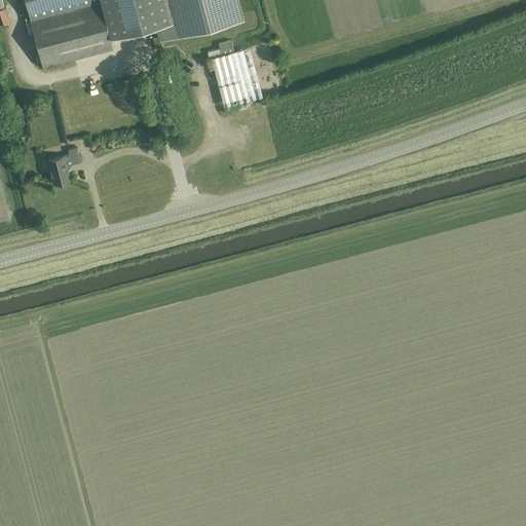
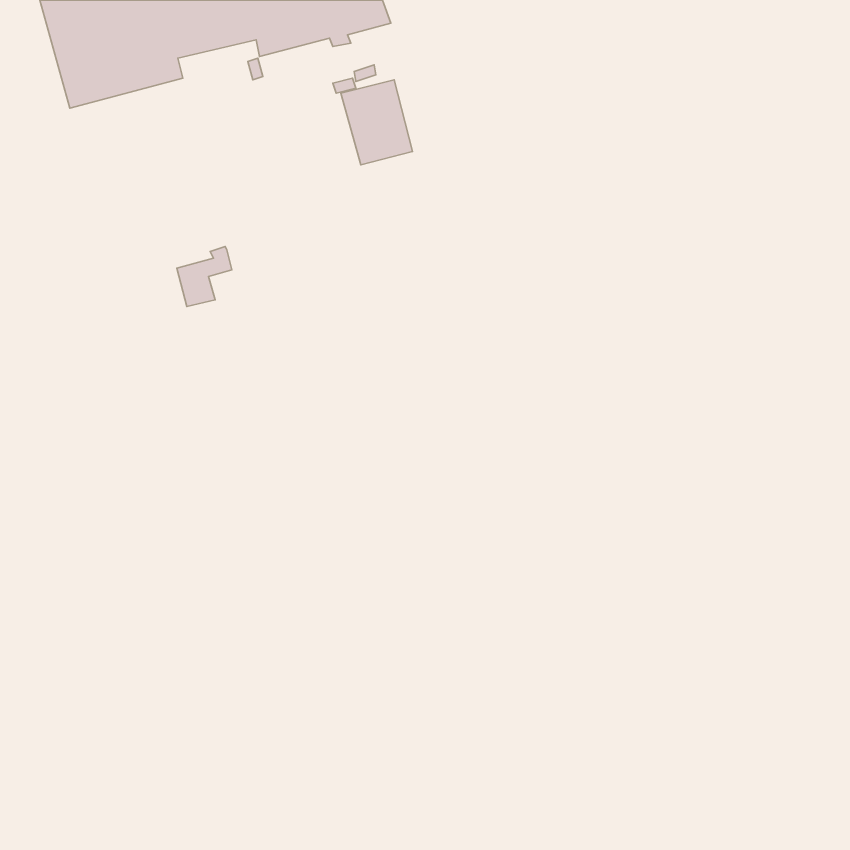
building: [47,147,81,184] -> [177,247,232,306]

